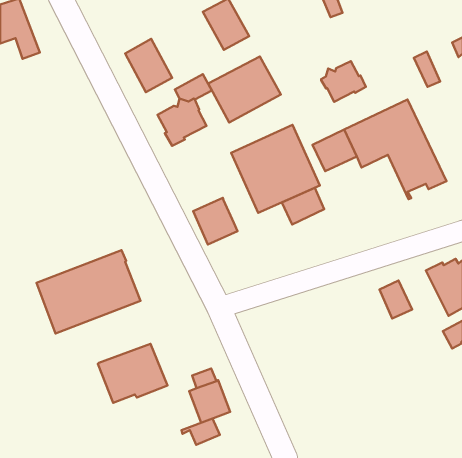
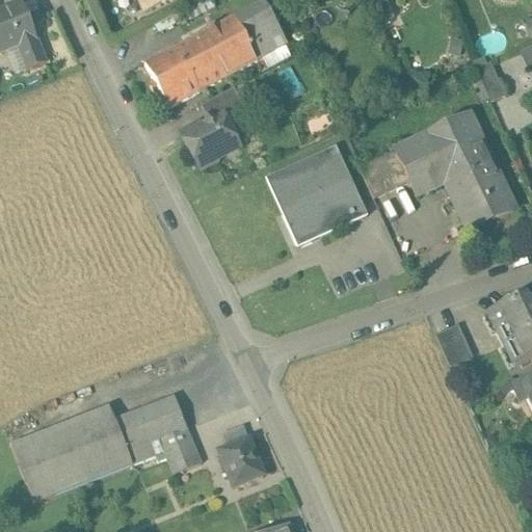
building: [208,56,281,123] -> [175,14,258,89]
building: [321,61,366,102] -> none
building: [282,188,324,225] -> none
building: [193,198,238,245] -> none
building: [36,250,141,333] -> [11,404,131,500]
building: [182,418,220,445] -> [158,443,202,473]

